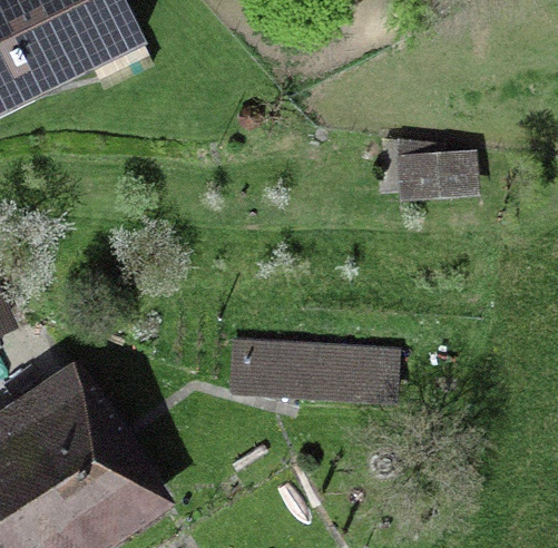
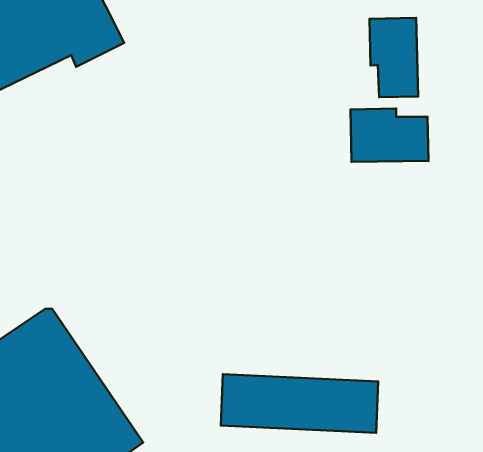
building: none -> [370,18,418,97]
building: [227,339,395,401] -> [221,374,378,433]

